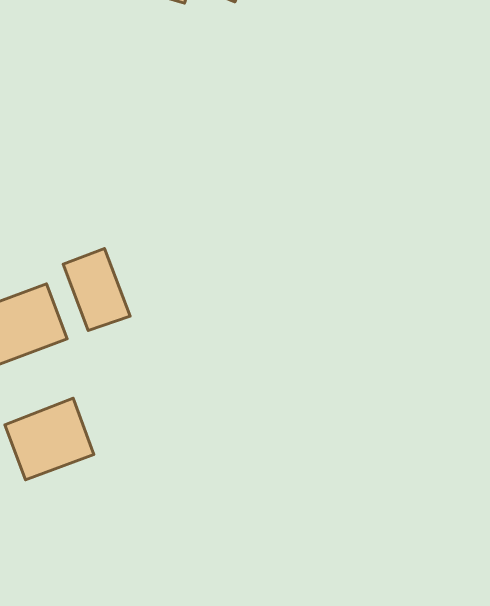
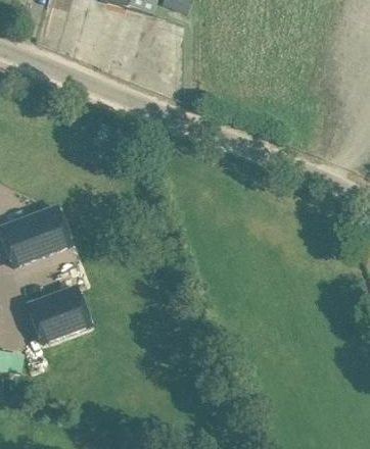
building: [63,249,130,331] -> none

